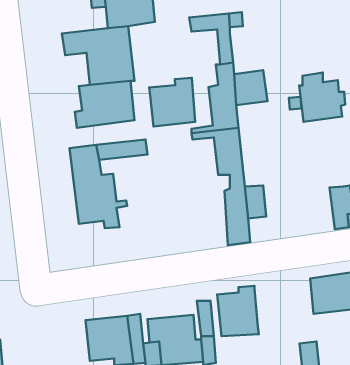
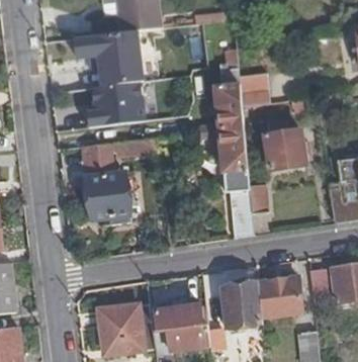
building: [299,73,345,122] -> [265,123,308,170]
building: [149,78,195,126] -> none
building: none -> [258,277,301,315]

